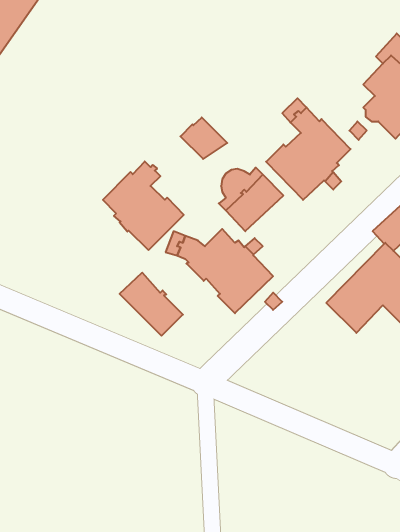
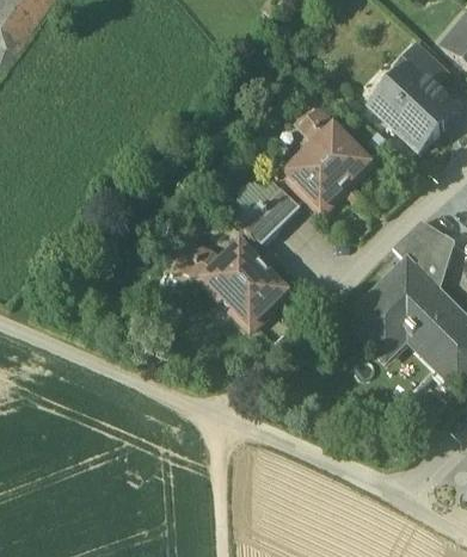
building: [180,117,227,159] -> none
building: [103,161,184,250] -> none
building: [120,273,183,336] -> none

